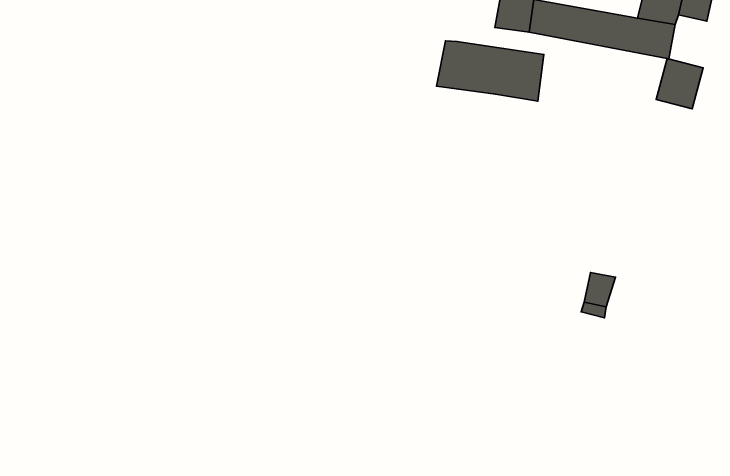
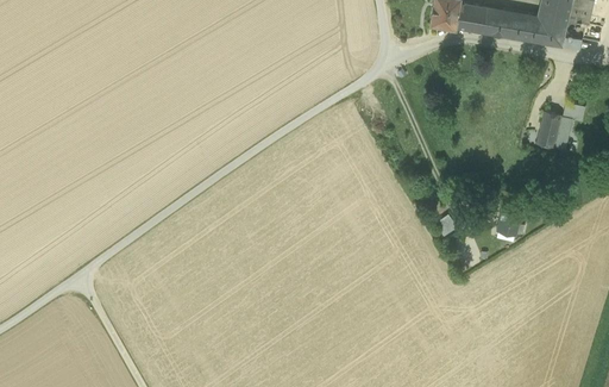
building: [436,41,544,101] -> none
building: [656,59,703,109] -> [536,112,572,150]

